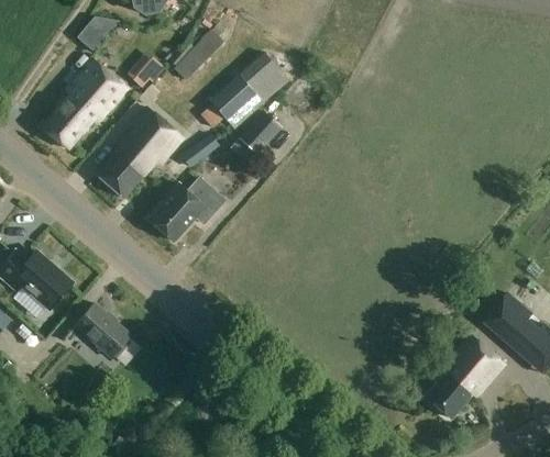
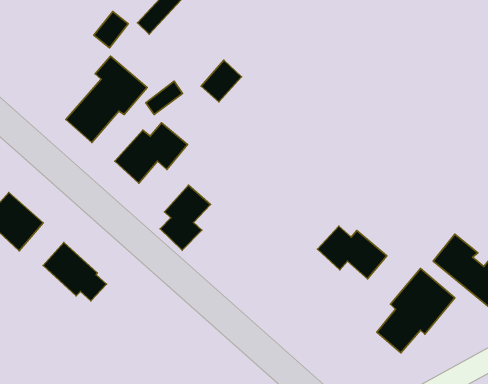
building: [209,53,289,130] -> none
building: [43,59,127,148] -> none
building: none -> [160,185,210,250]
building: none -> [318,226,387,279]

